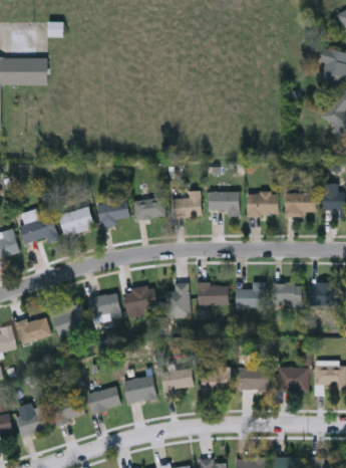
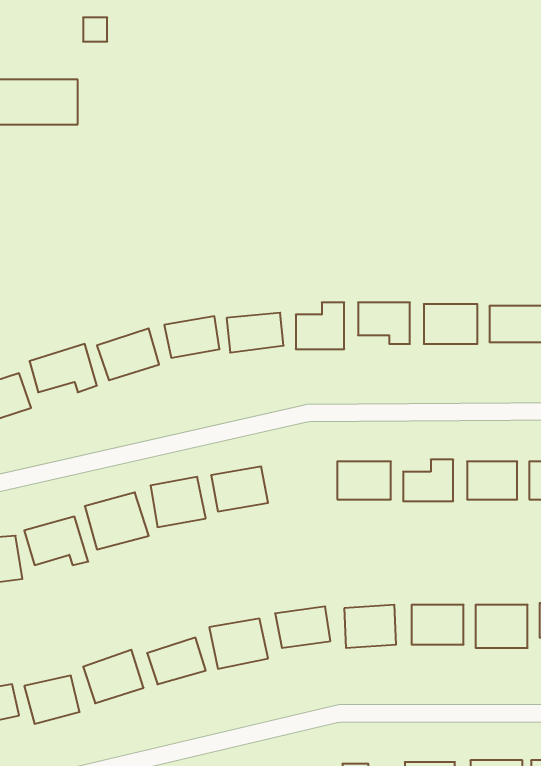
building: [164,283,189,318] -> none

